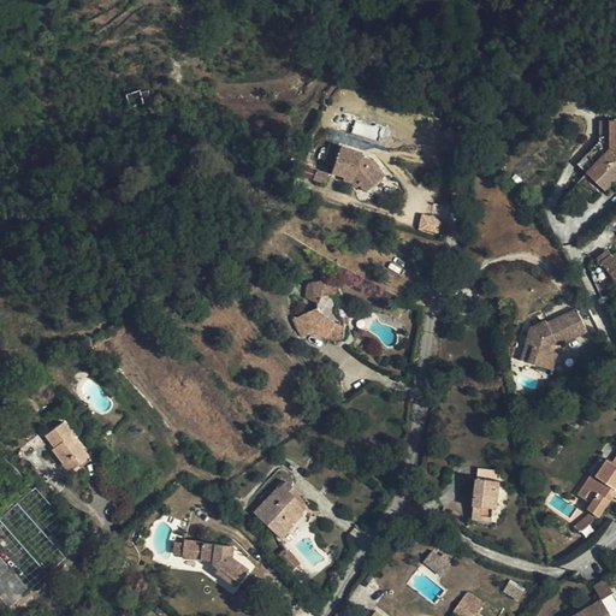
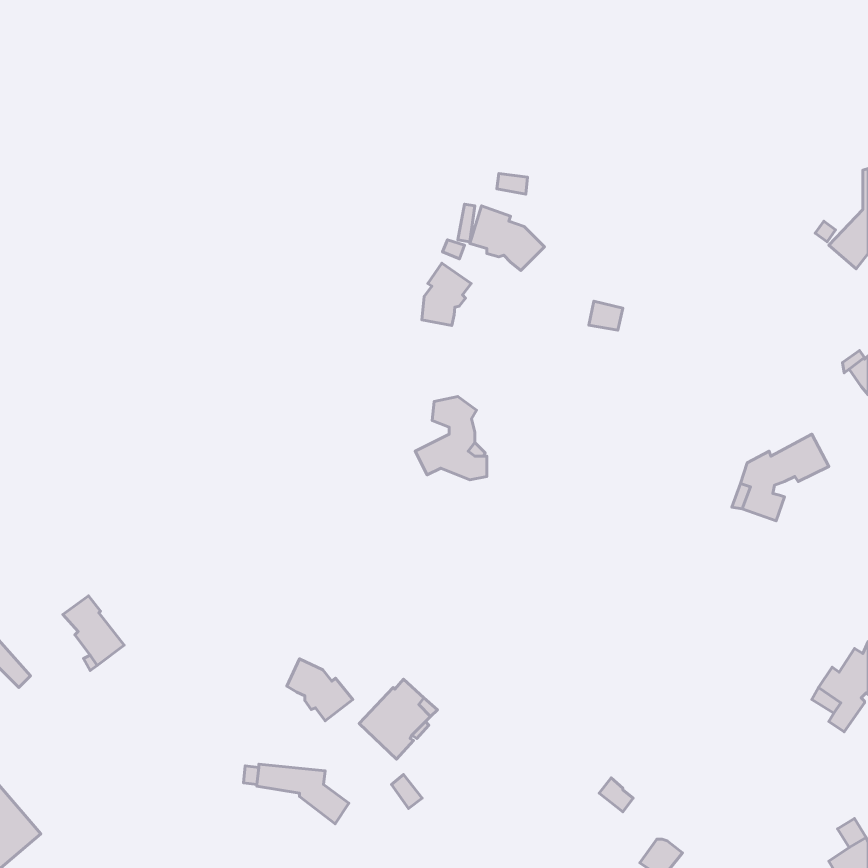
building: none -> [422,263,471,325]
building: none -> [287,659,353,721]
building: [470,469,499,522] -> none

